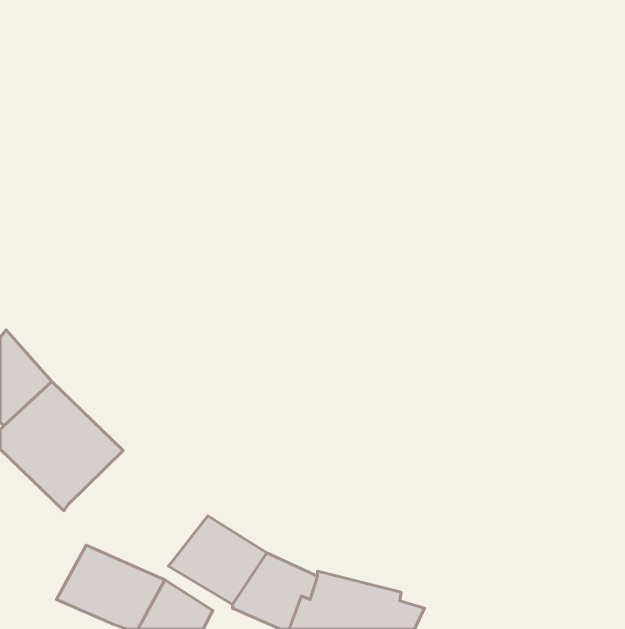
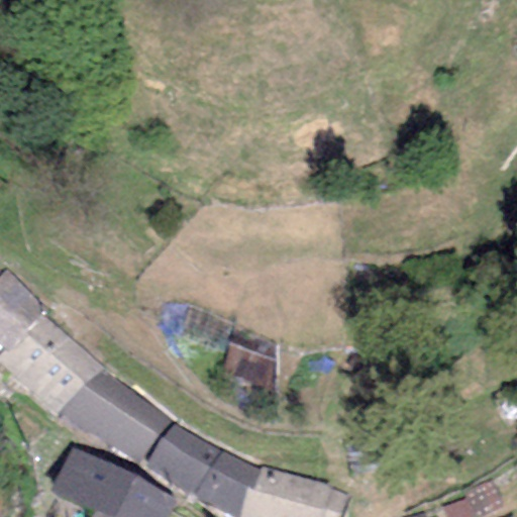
building: none -> [59,370,174,464]

